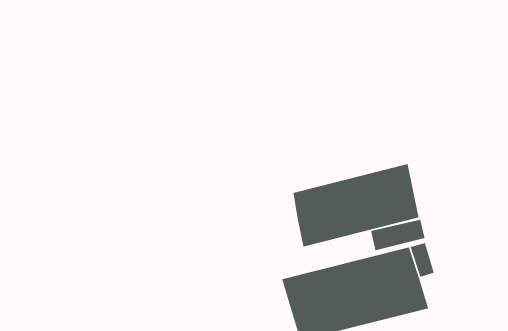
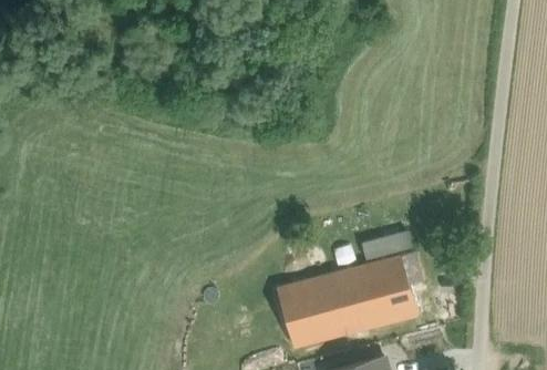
building: [292,163,420,248] -> none

